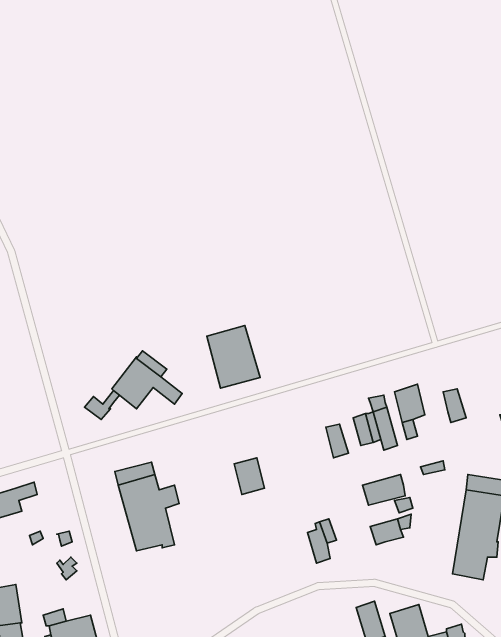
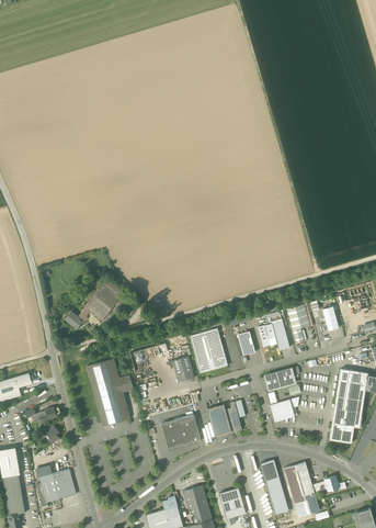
building: [207,326,260,388] -> [190,328,228,373]
building: none -> [207,404,231,436]
building: none -> [161,414,201,450]

